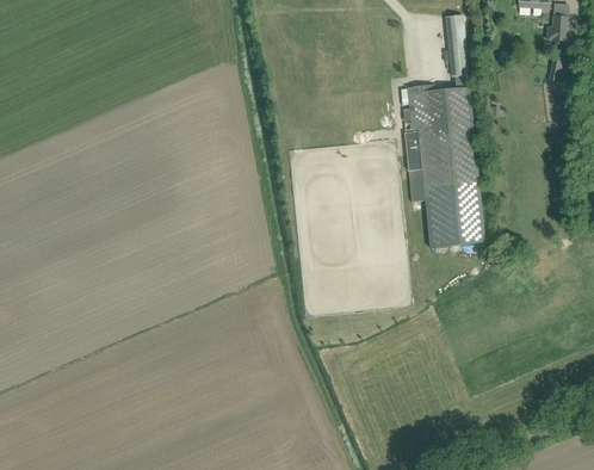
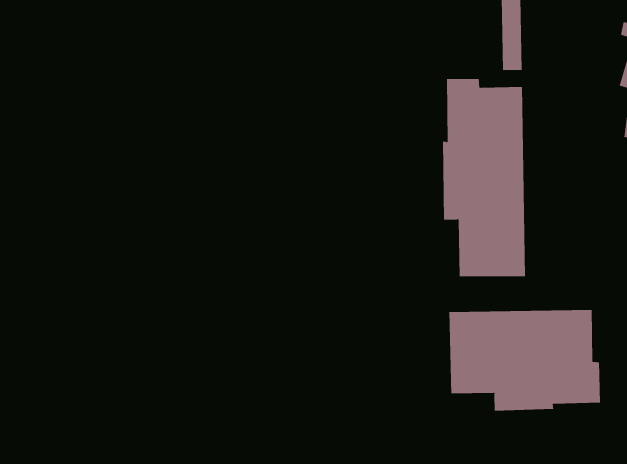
building: none -> [449,309,601,411]

